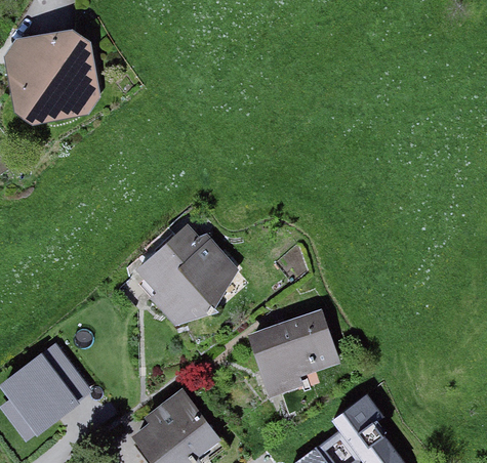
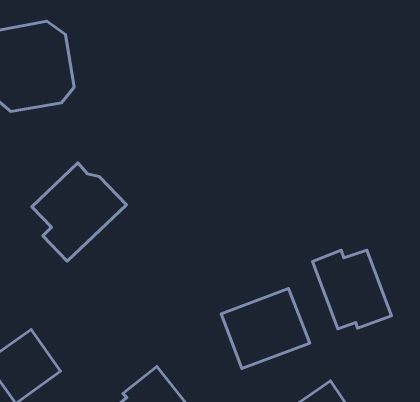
building: [139,225,239,329] -> [32,163,126,261]
building: none -> [313,250,392,329]

